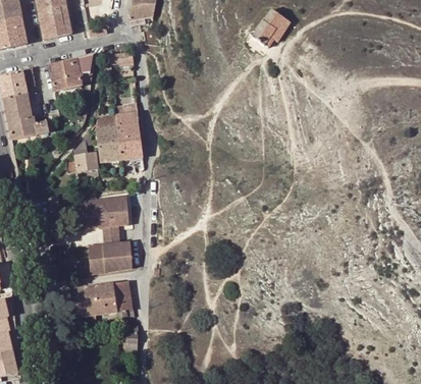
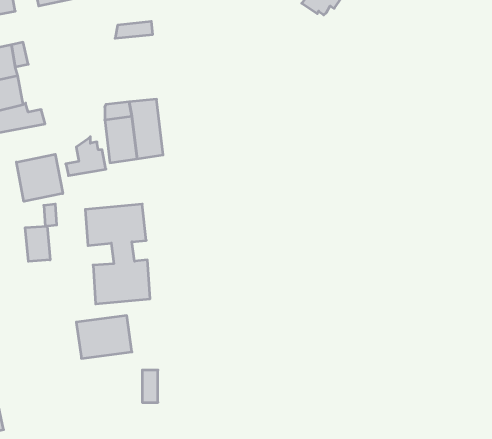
building: [49,54,93,90] -> none
building: none -> [16,154,63,201]
building: none -> [25,226,50,261]
building: [113,280,131,311] -> none

